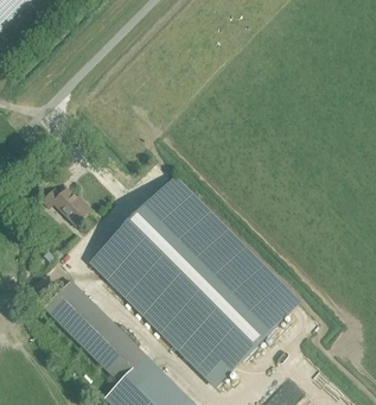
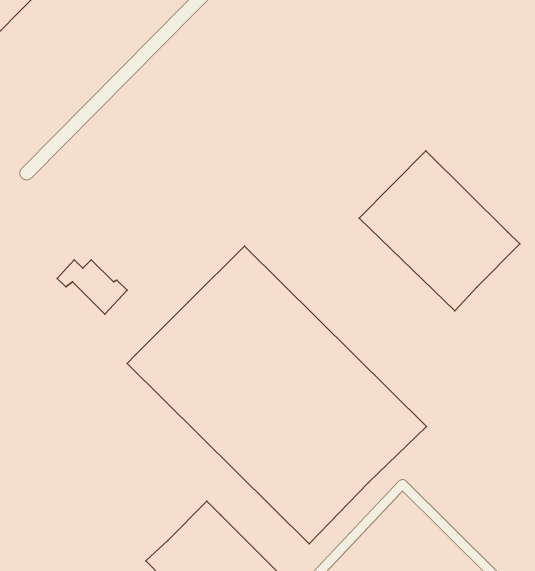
building: none -> [359,151,520,311]
building: [43,279,146,382] -> none

